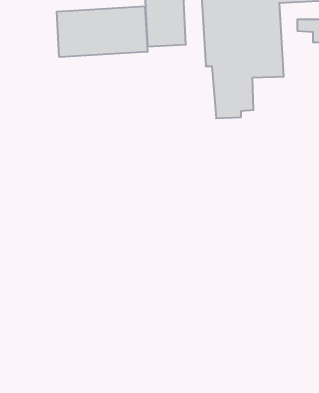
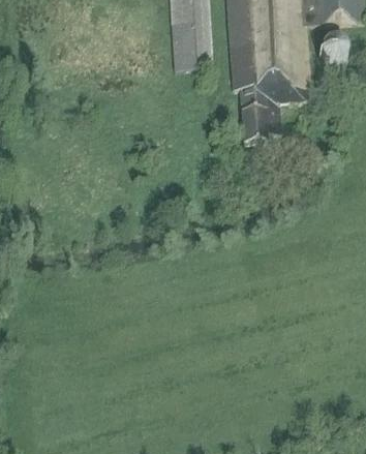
building: [57,6,147,57] -> none

